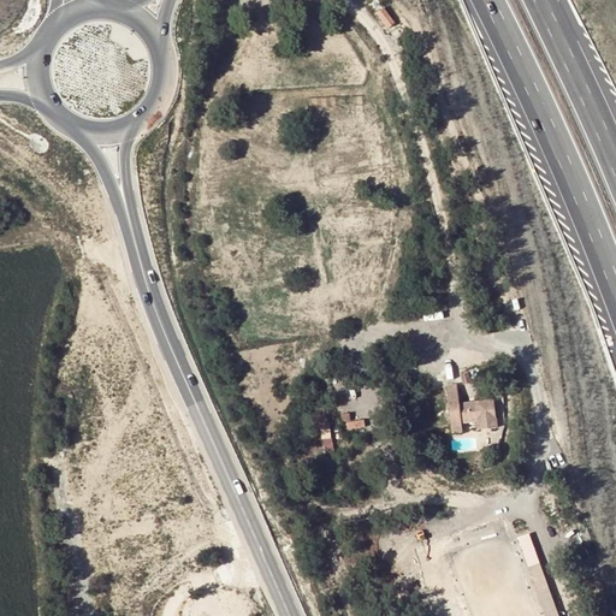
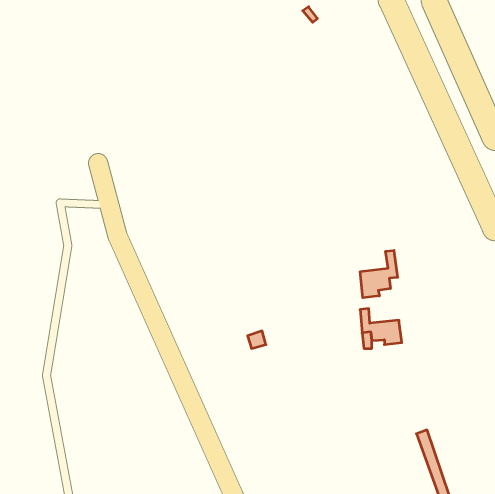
building: none -> [360,250,398,298]

